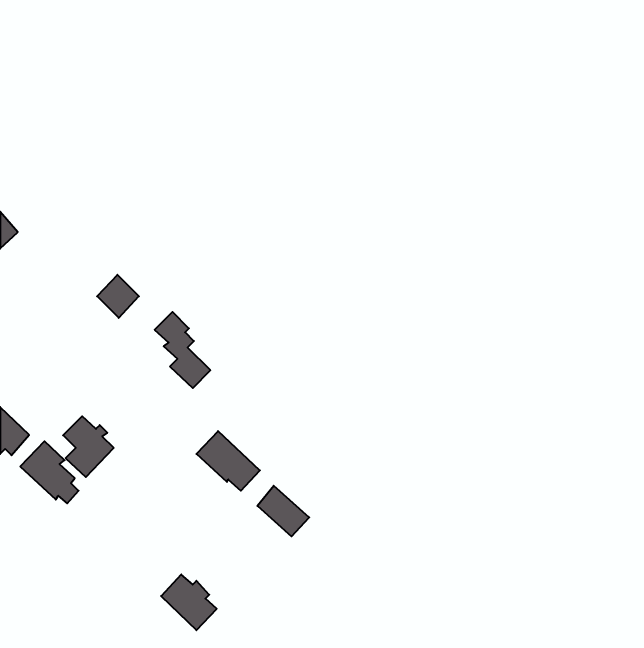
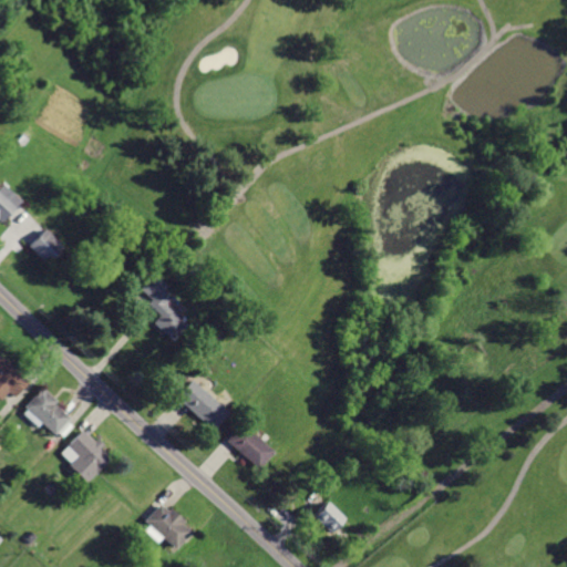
building: [97,275,139,318] -> [28,228,64,266]
building: [63,416,114,477] -> [66,430,111,483]
building: none -> [312,502,346,536]

